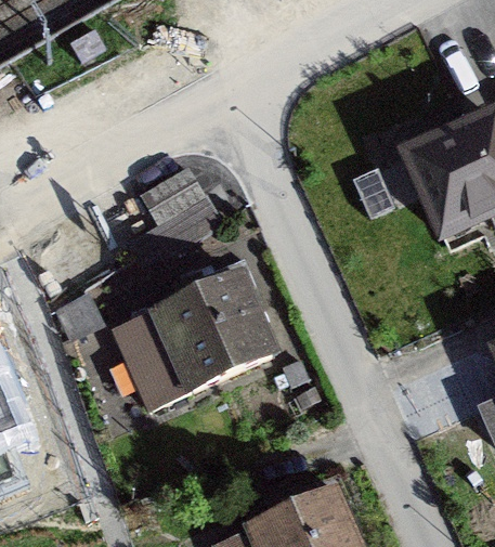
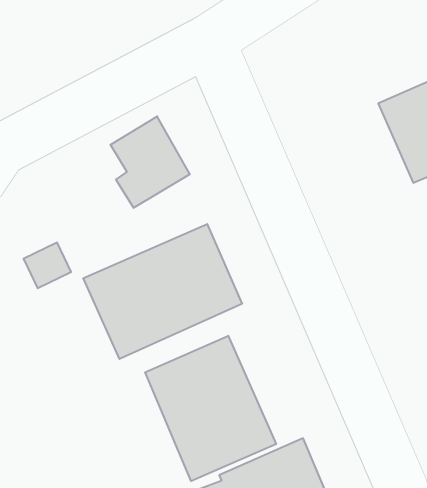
building: none -> [145,336,276,481]

